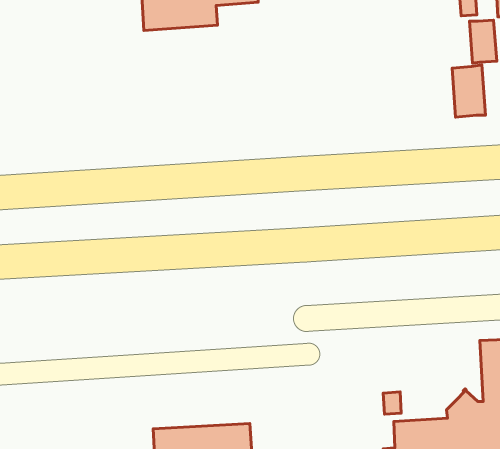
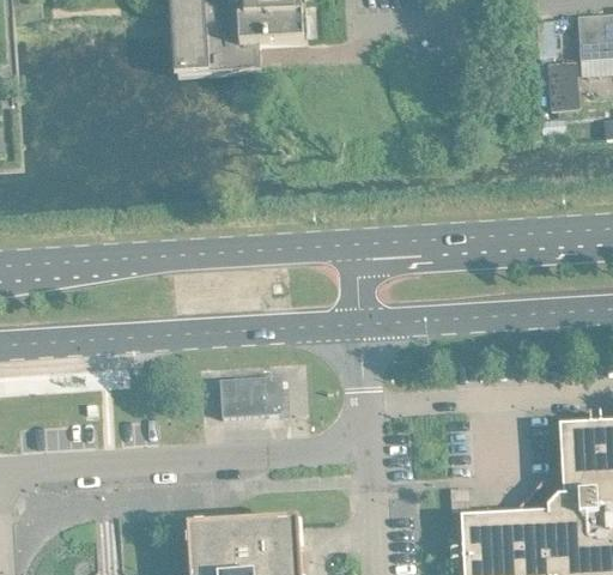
building: [452,65,486,117] -> none
building: none -> [220,377,281,418]

